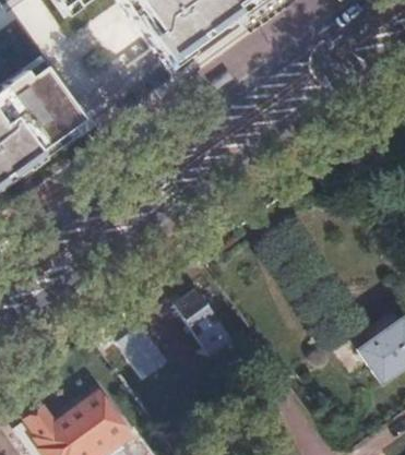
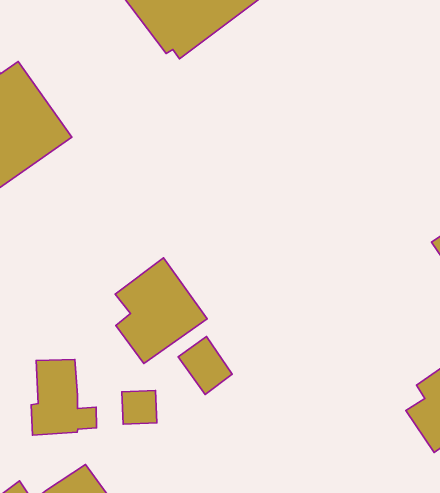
building: none -> [115,258,207,364]
building: none -> [31,360,96,435]

